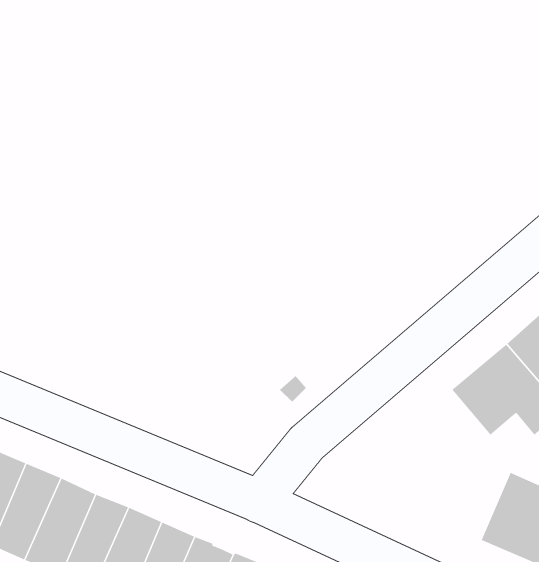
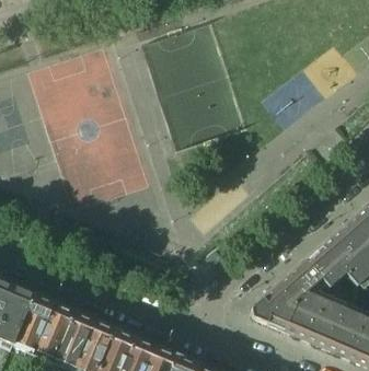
building: none -> [250,257,341,347]

